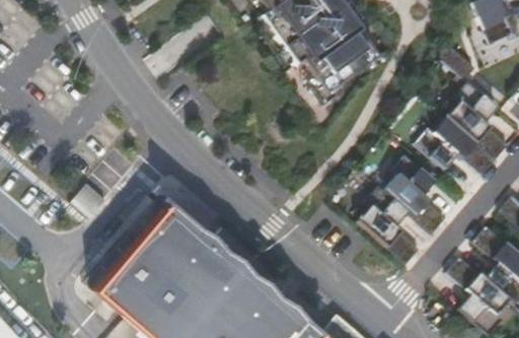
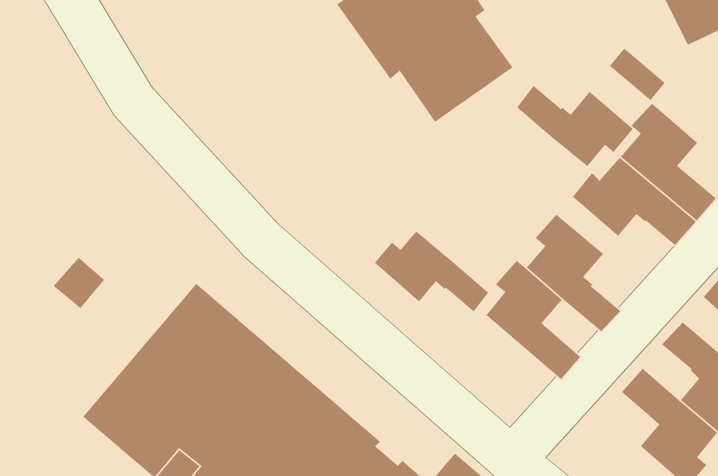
building: none -> [516,85,634,167]
building: none -> [374,230,489,313]

